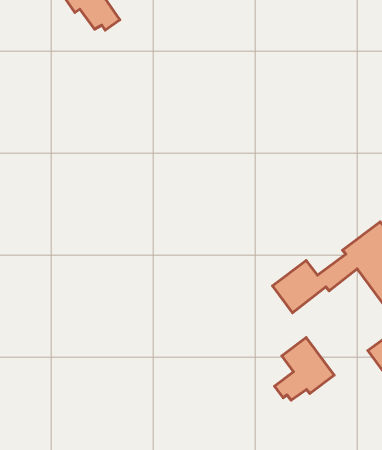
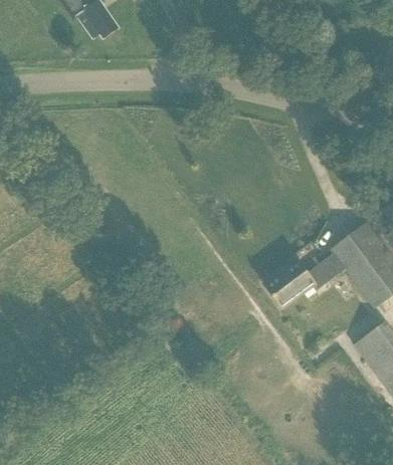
building: [275,338,334,400] -> none

